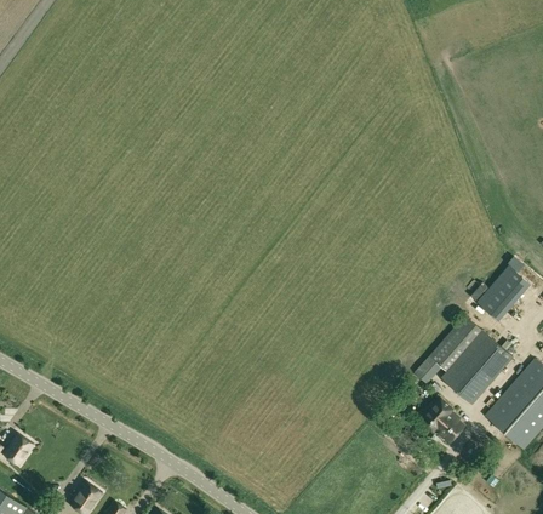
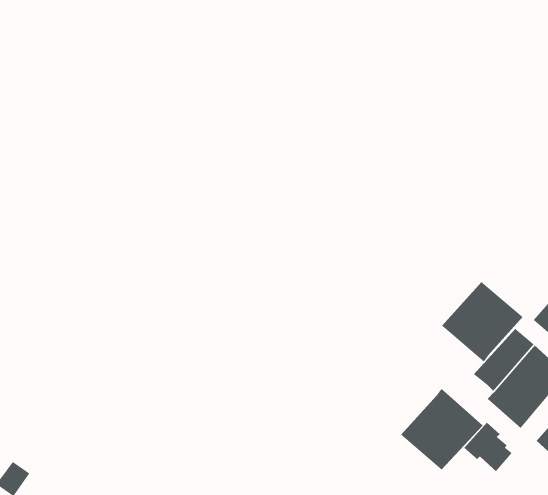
building: none -> [441,281,524,363]
building: none -> [400,388,483,471]

